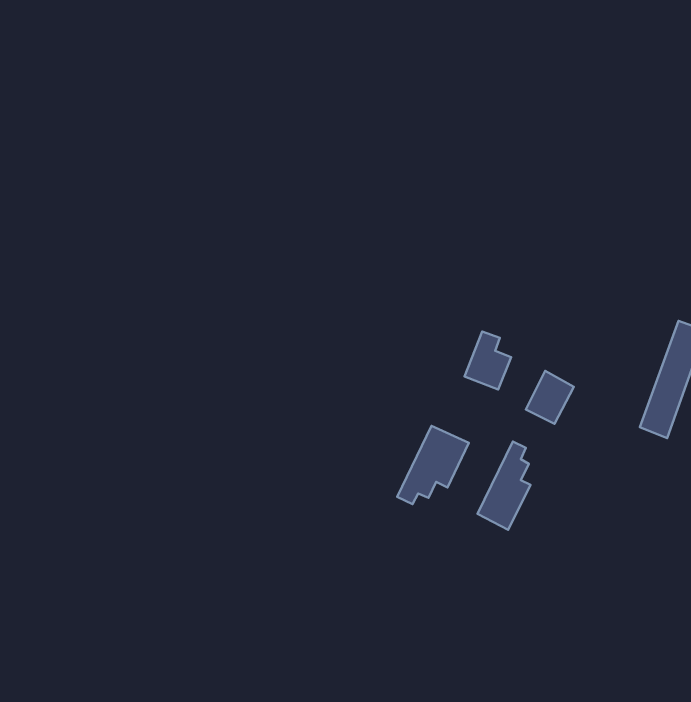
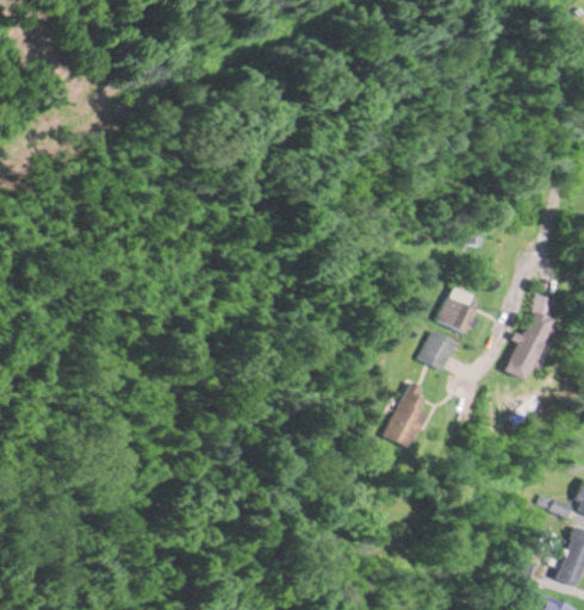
building: [464,332,511,389] -> [440,290,474,332]
building: [397,426,469,504] -> none

